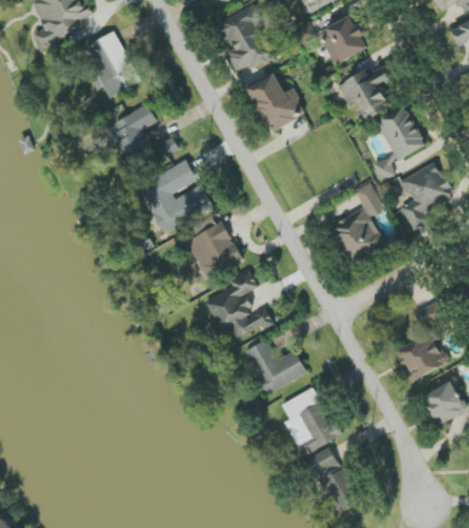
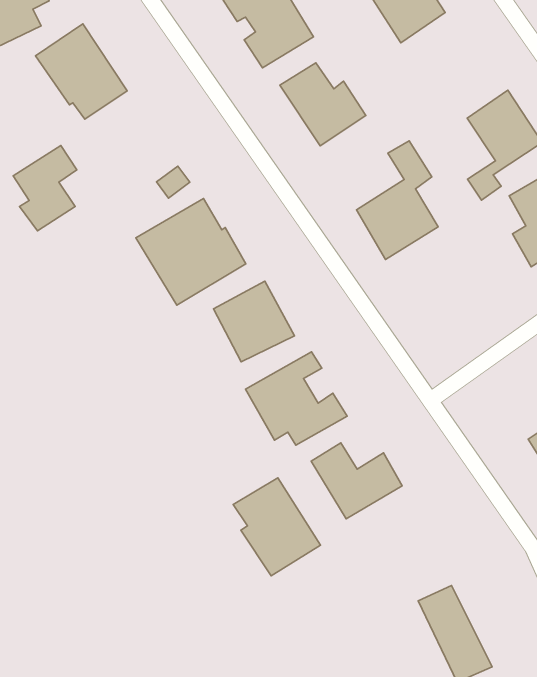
building: [338,64,393,121] -> none
building: [111,104,156,162] -> [13,145,77,231]
building: [328,183,384,264] -> [357,141,438,259]
building: [281,388,339,455] -> [233,478,320,576]

